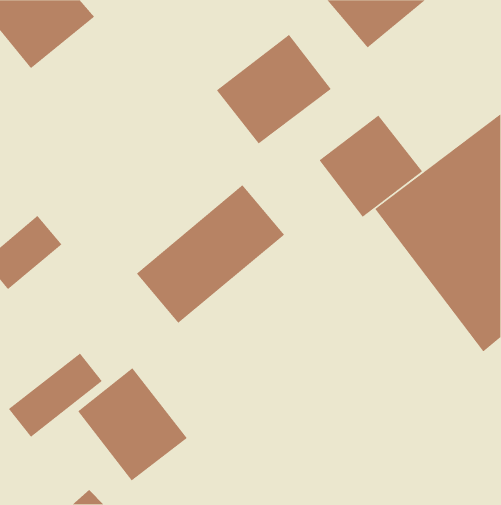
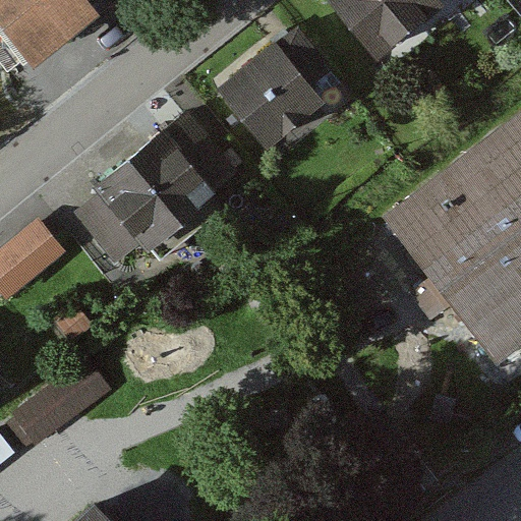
building: [319,115,423,218] -> none
building: [136,184,285,324] -> [77,116,231,259]
building: [77,367,188,482] -> none

